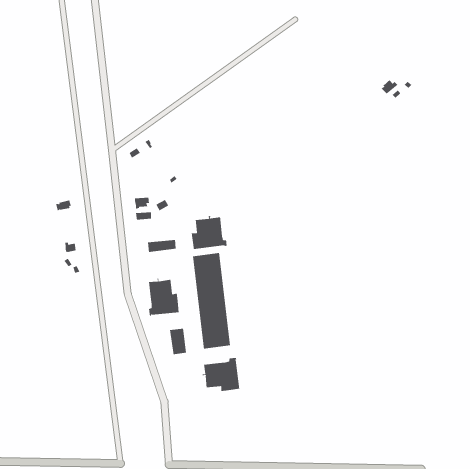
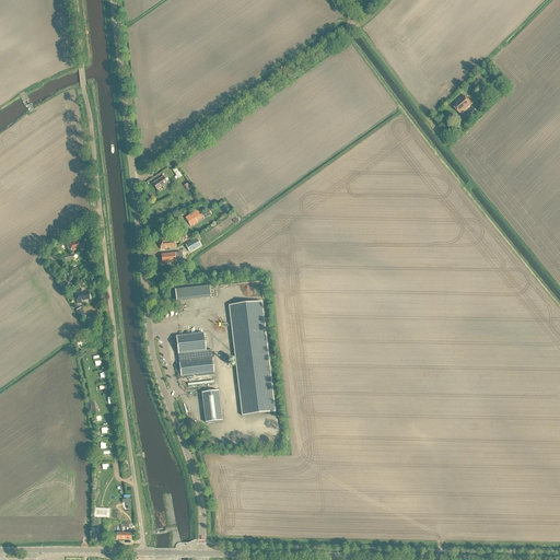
building: [191,215,227,250] -> none
building: [202,357,240,392] -> none

